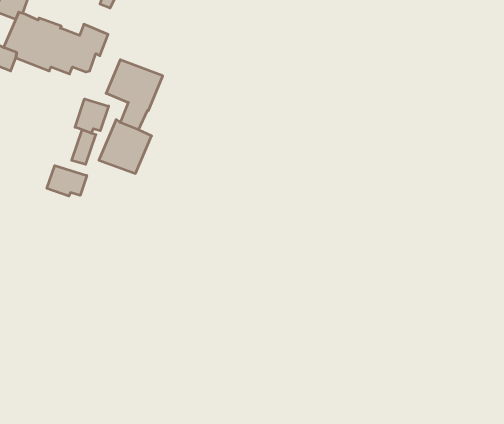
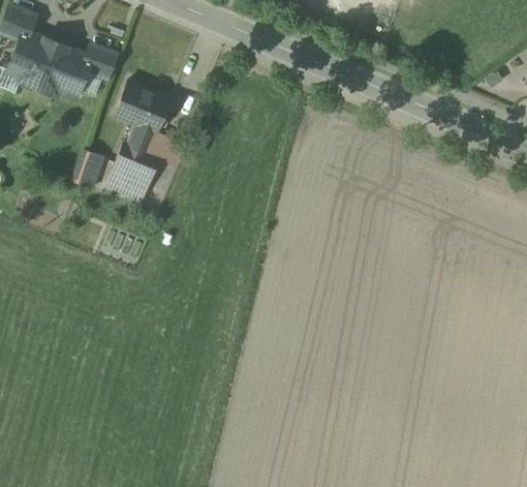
building: [75,99,109,133] -> none
building: [47,166,87,196] -> none

